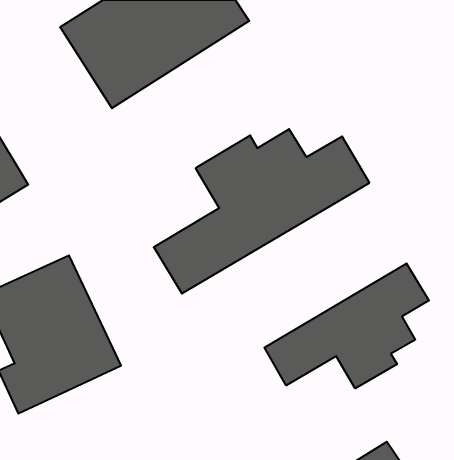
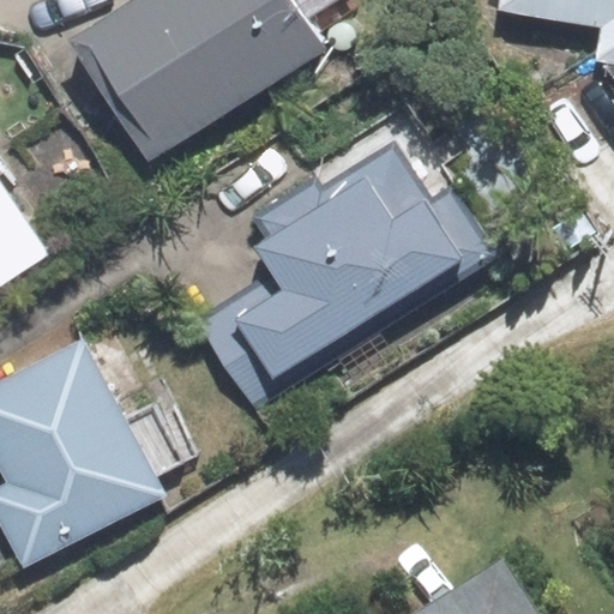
building: [264,263,429,388] -> none

